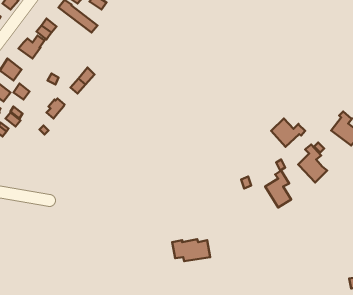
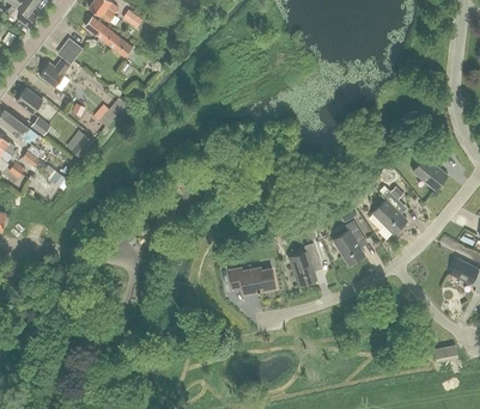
building: [271,118,305,147] -> none
building: none -> [288,242,320,285]
building: [172,239,210,261] -> [230,267,275,293]

